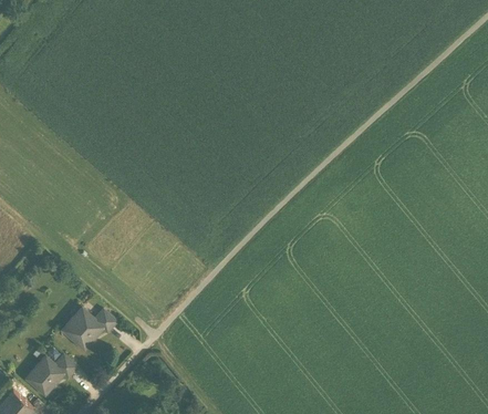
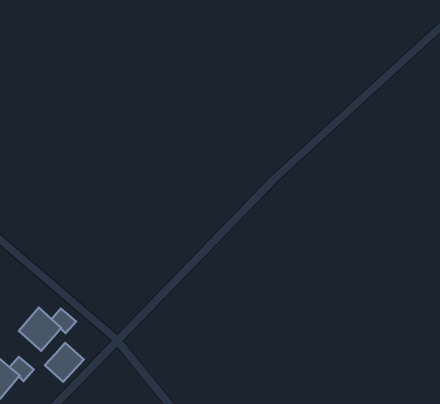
building: none -> [45,343,84,382]

